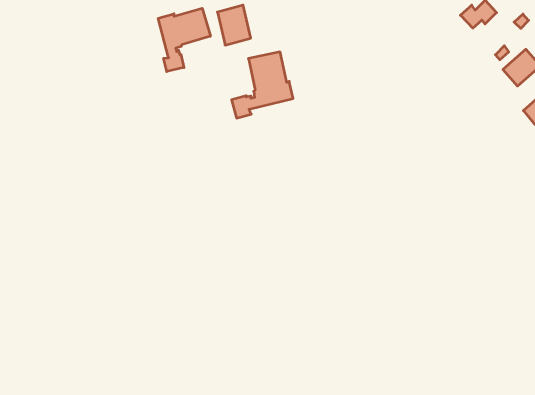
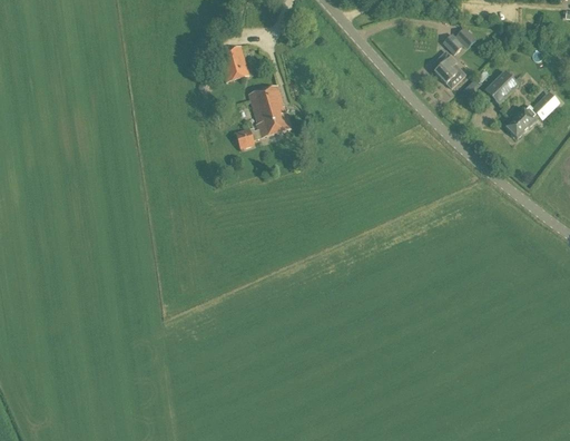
building: [158,8,210,72] -> none
building: none -> [432,50,465,88]

